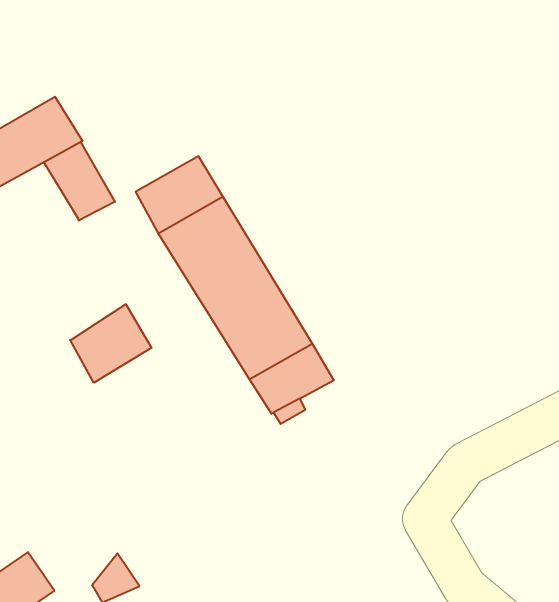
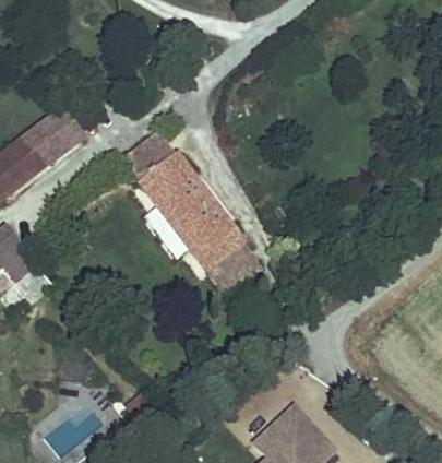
building: [44,142,115,221] -> none
building: [70,304,151,383] -> none

